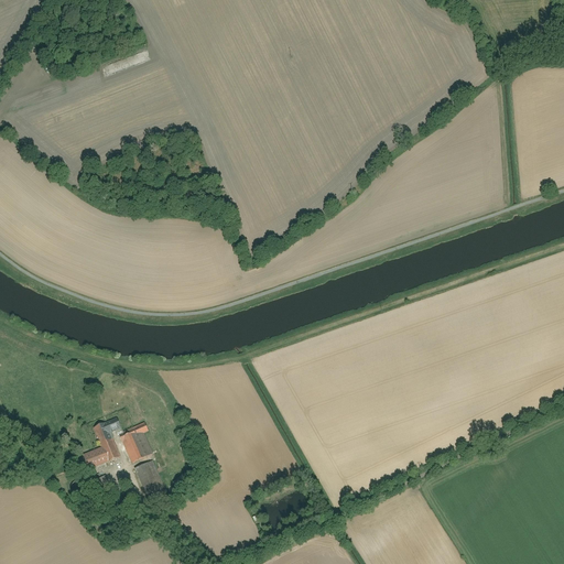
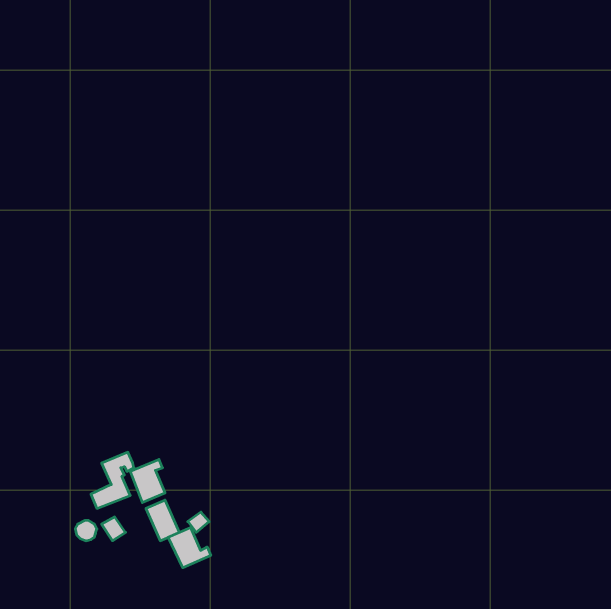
building: none -> [168,528,211,568]

